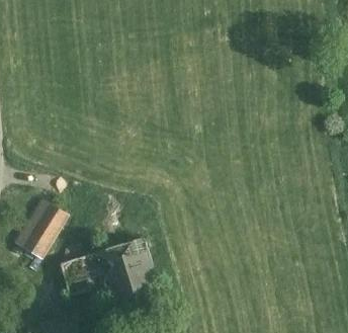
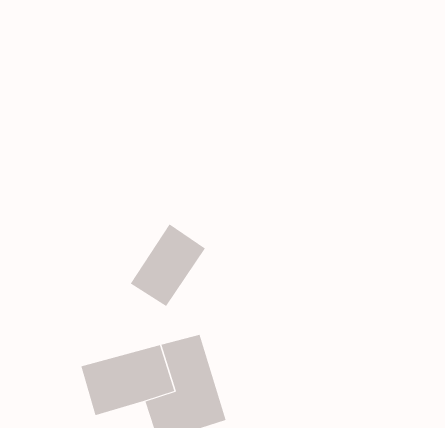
building: [15,199,68,257] -> [130,224,206,307]

